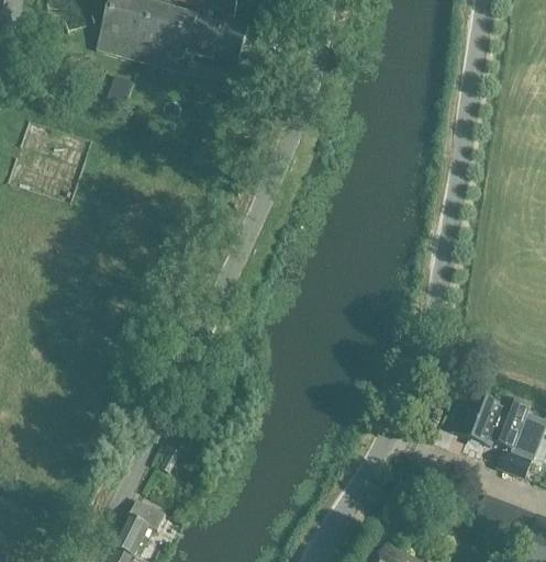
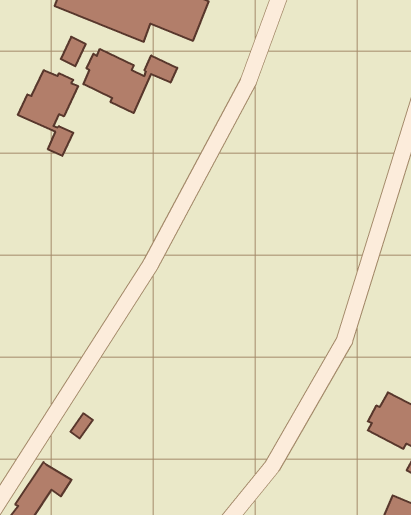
building: none -> [83,49,177,113]
building: none -> [18,70,78,156]

